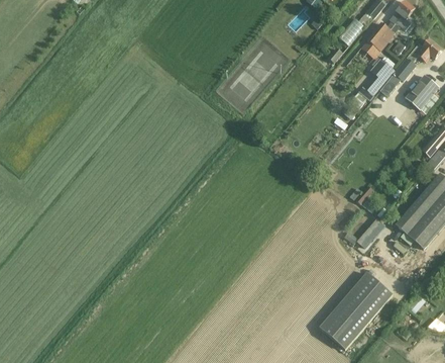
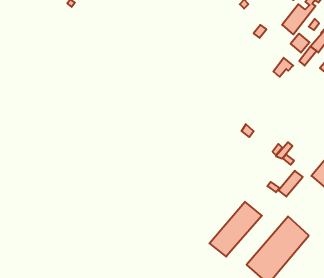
building: none -> [209,202,262,257]

